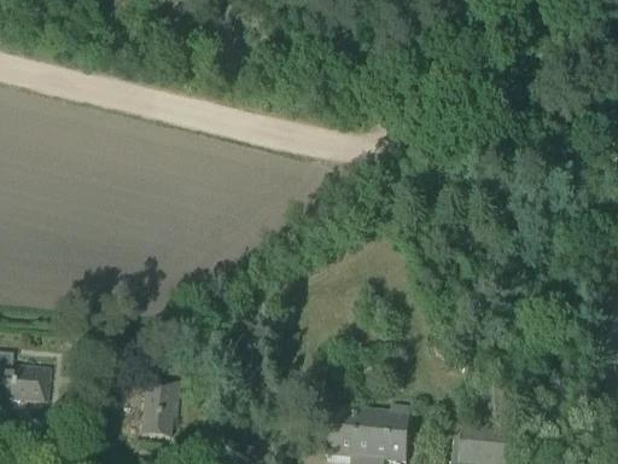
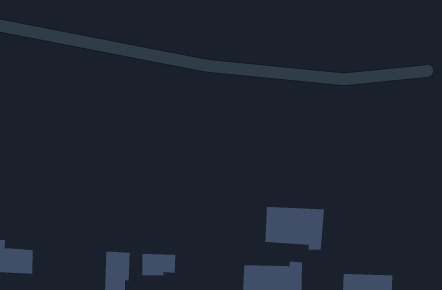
building: none -> [265,206,325,250]
building: none -> [142,253,176,276]

